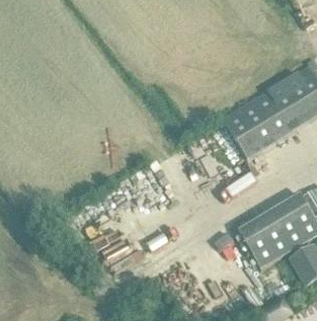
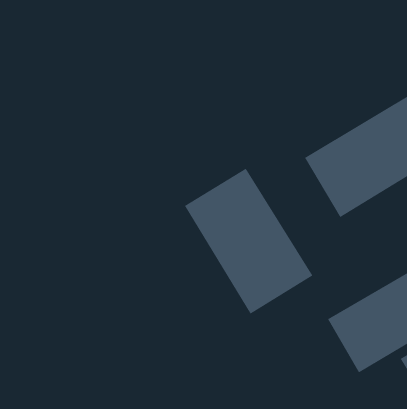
building: none -> [184,168,313,315]

